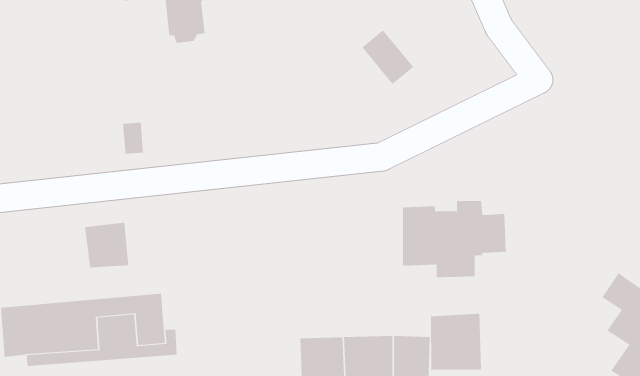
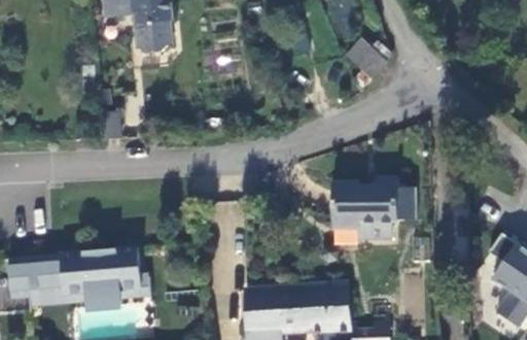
building: [361,29,414,85] -> [346,33,388,77]
building: [85,222,129,268] -> none
building: [430,313,482,370] -> none

